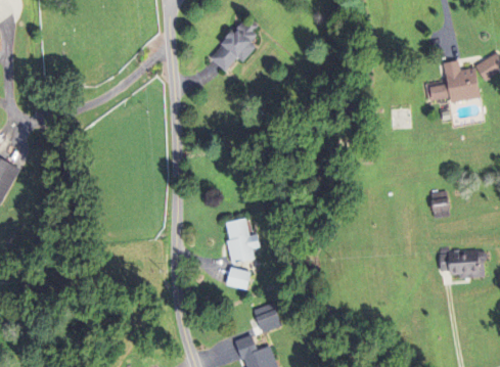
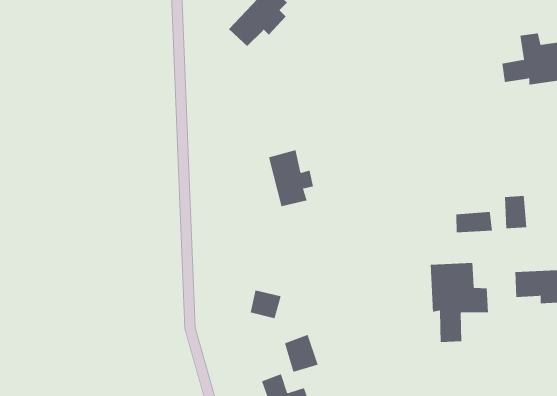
building: none -> [456,211,492,233]
building: [223,218,260,264] -> [268,150,314,207]
building: none -> [430,262,489,343]

